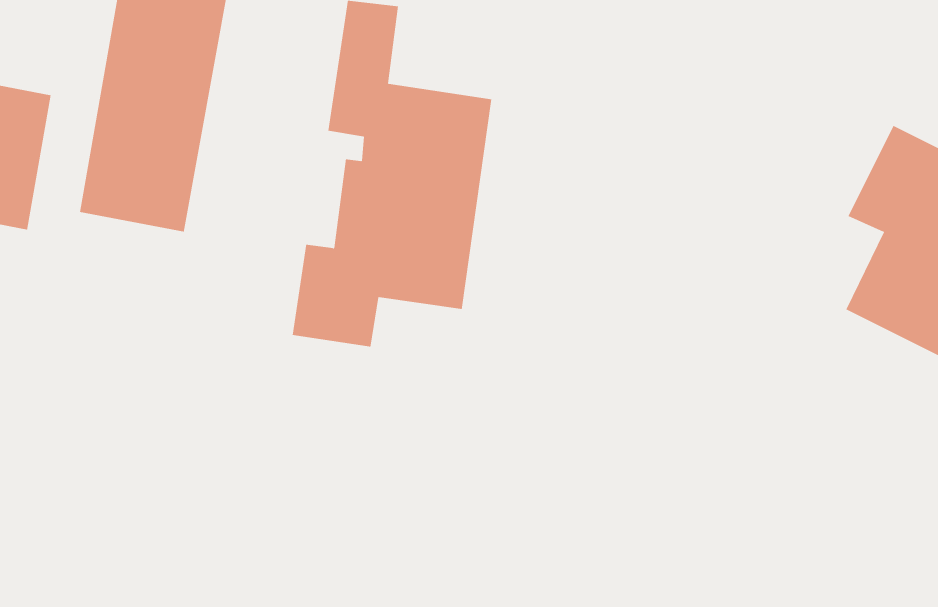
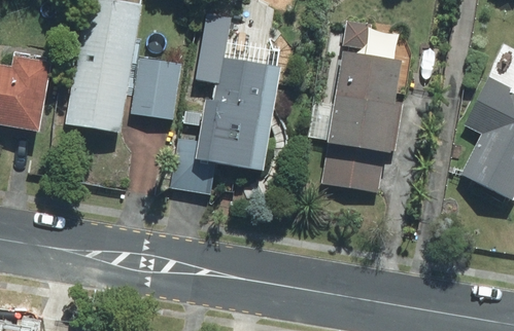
building: none -> [324,29,404,189]
building: none -> [135,57,183,120]

